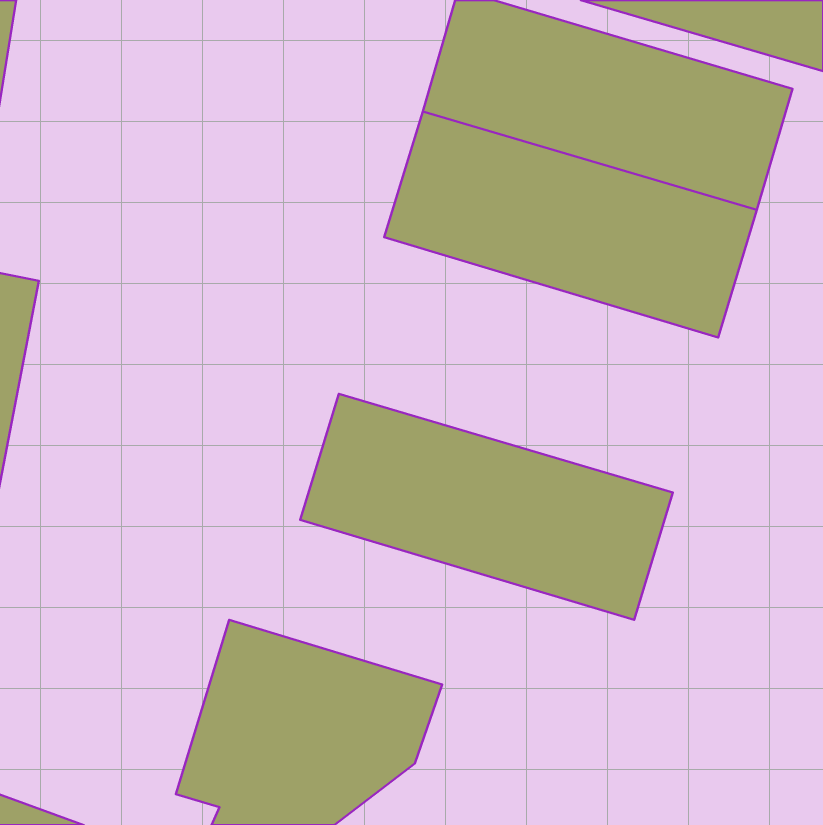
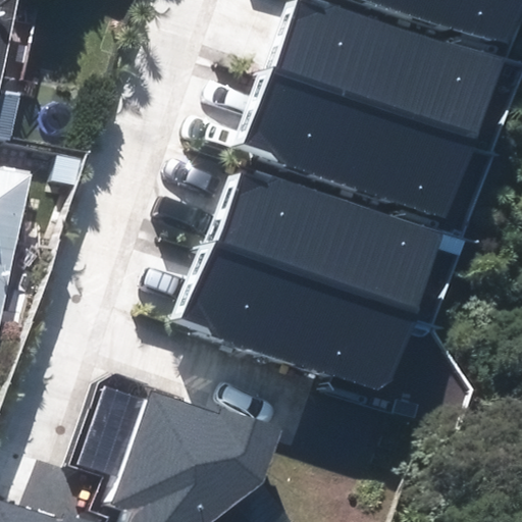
building: none -> [214,171,448,311]

